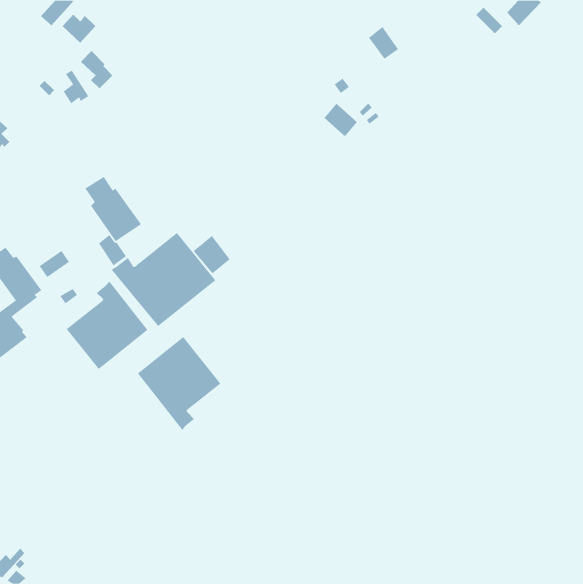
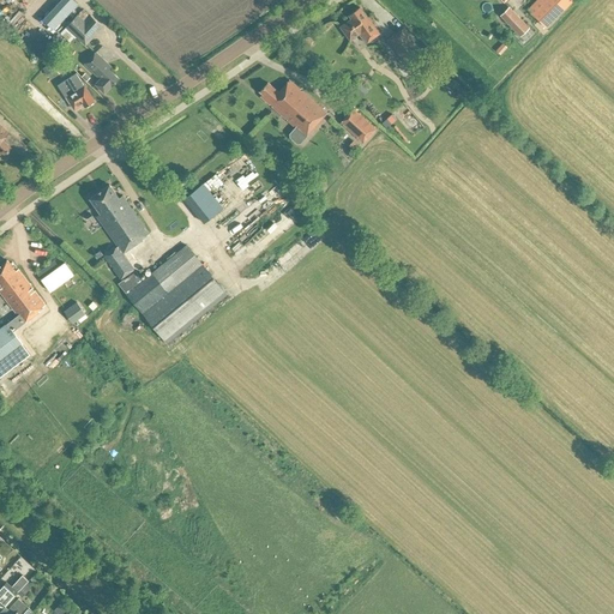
building: none -> [339,7,379,44]
building: none -> [259,80,325,144]
building: [193,235,231,274] -> [182,182,222,223]
building: [66,281,148,370] -> none
building: [137,336,221,430] -> none

